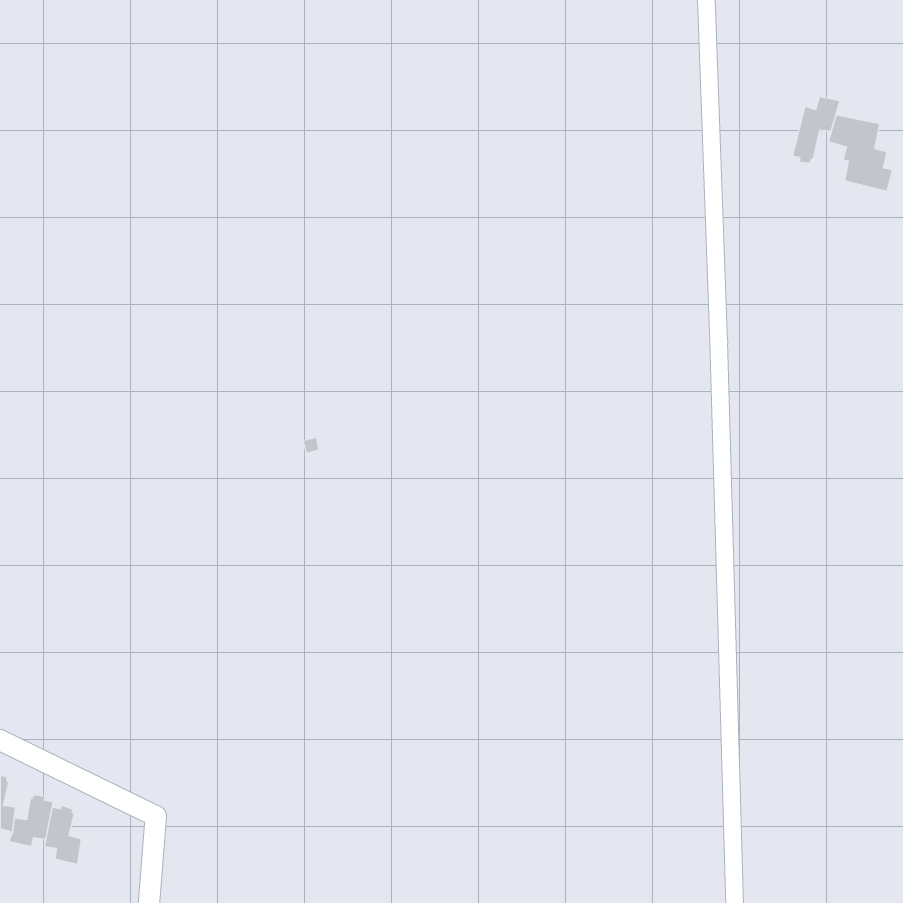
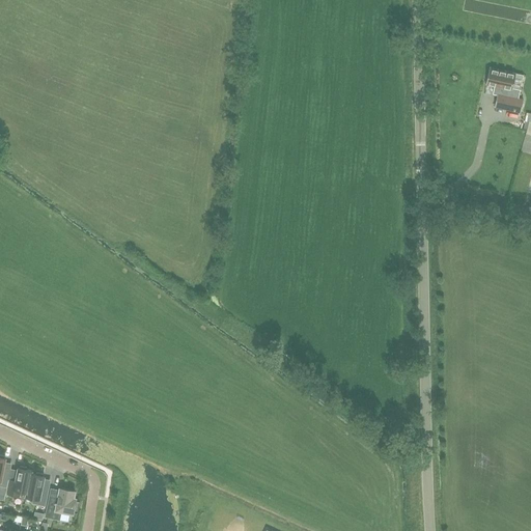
building: [791,96,840,163] -> none
building: none -> [46,488,81,521]

